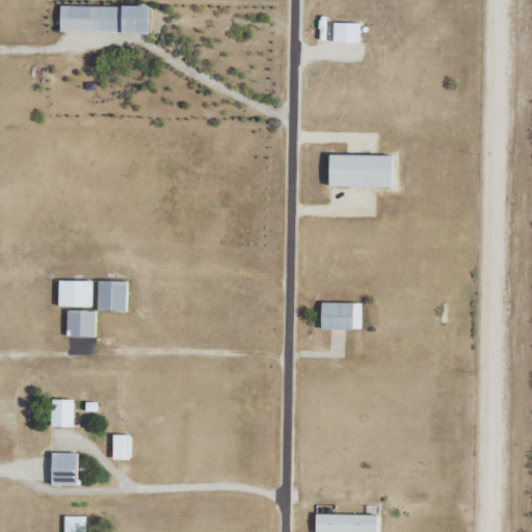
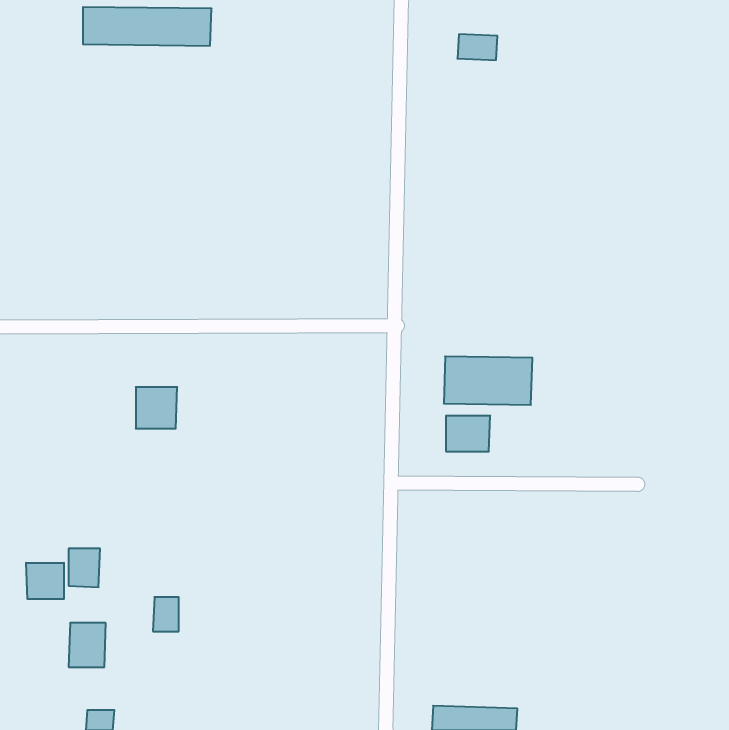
building: [332,153,397,188] -> [444,356,532,405]
building: [59,278,92,307] -> none
building: [66,313,96,337] -> none
building: none -> [26,563,64,599]

